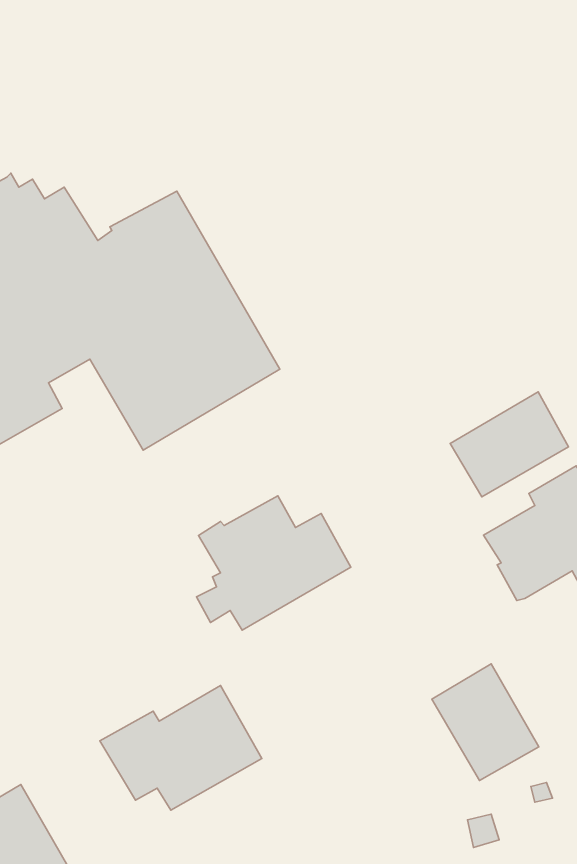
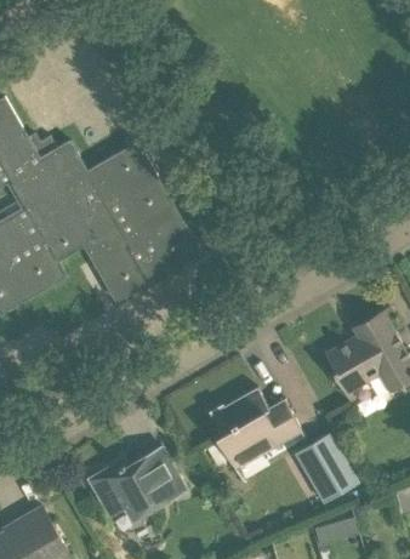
building: [450,392,569,497] -> none
building: [197,496,351,630] -> [206,388,301,470]

